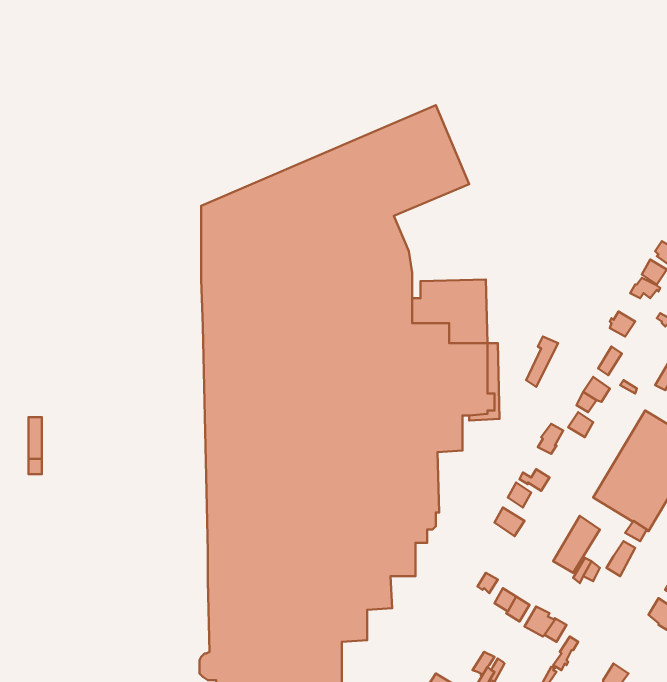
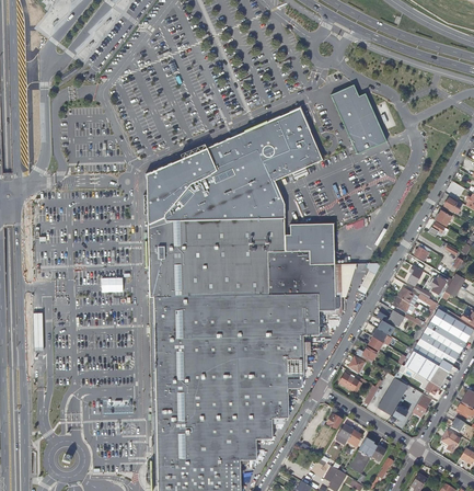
building: none -> [331,84,388,152]

